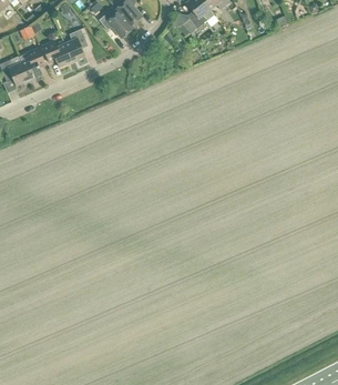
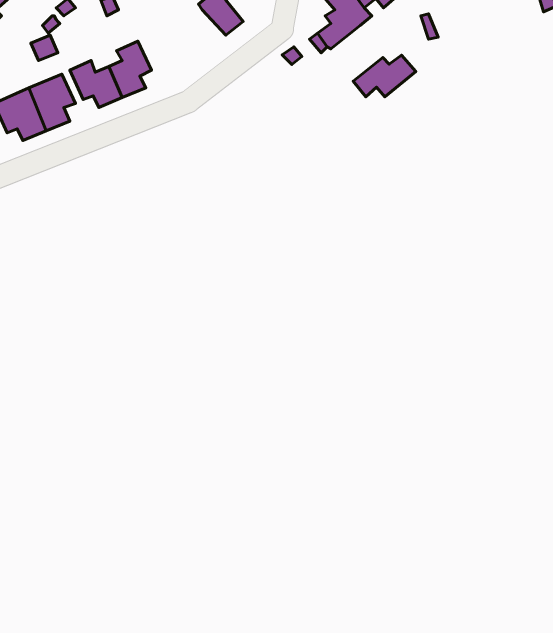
building: [98,11,132,38] -> none
building: none -> [353,55,416,97]

